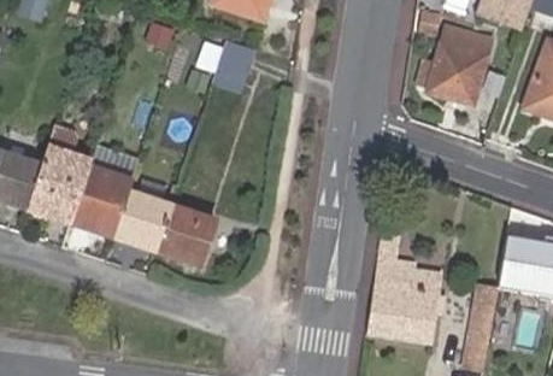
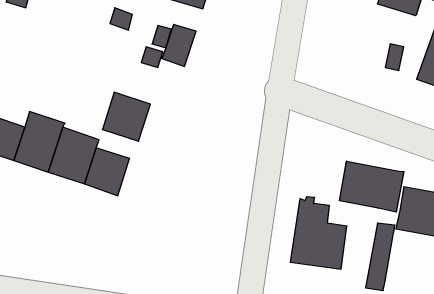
building: [417,23,493,105] -> none
building: [155,204,214,264] -> [102,92,150,141]
building: none -> [340,161,404,212]

